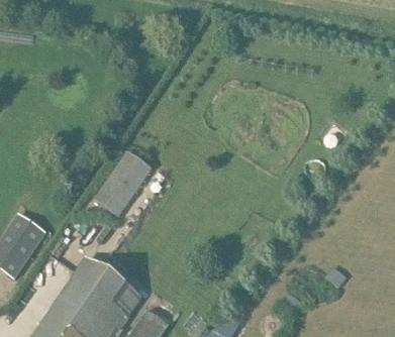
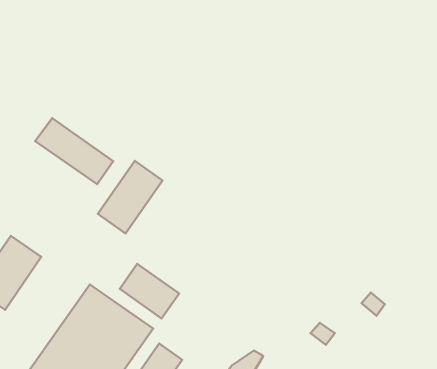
building: none -> [35,118,113,184]
building: none -> [120,264,179,318]

